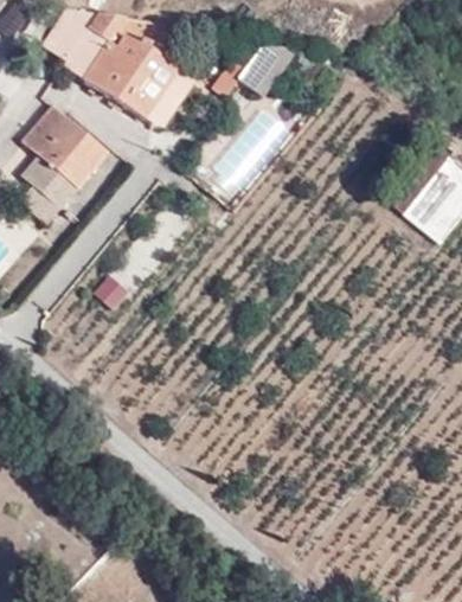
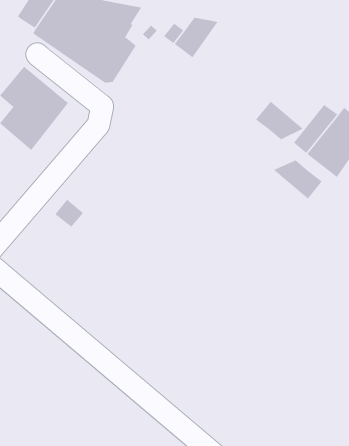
building: none -> [255,101,304,140]
building: none -> [273,160,323,200]

